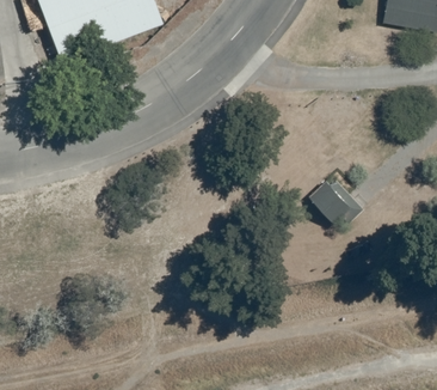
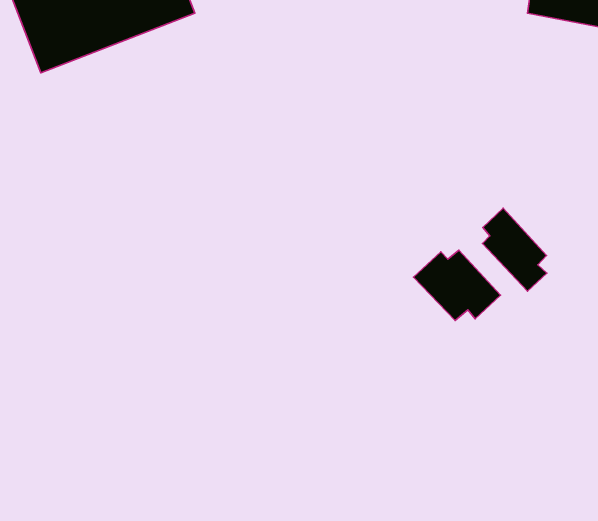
building: none -> [483,208,547,291]

